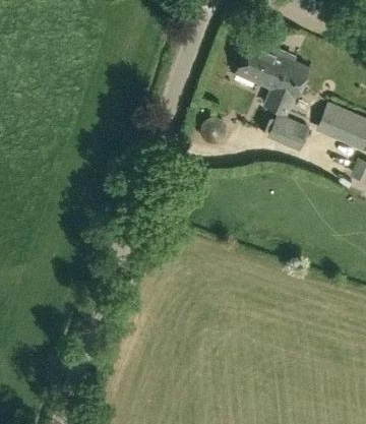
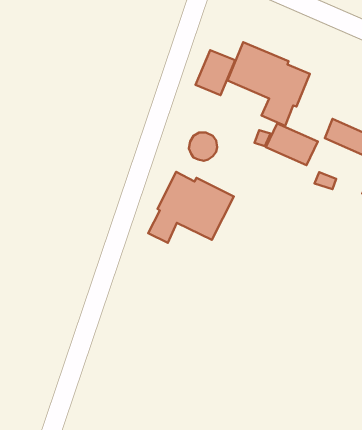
building: none -> [195,50,235,95]
building: none -> [148,172,234,243]

